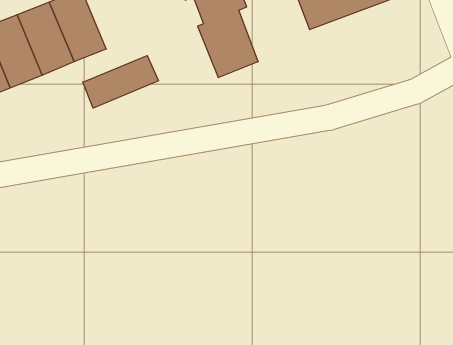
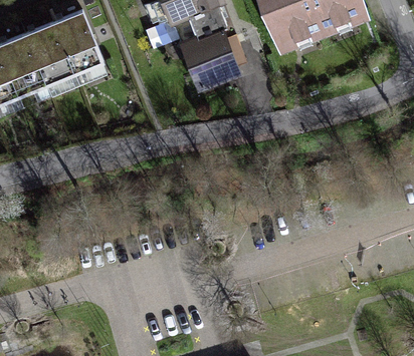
building: [83,56,159,108] -> none

